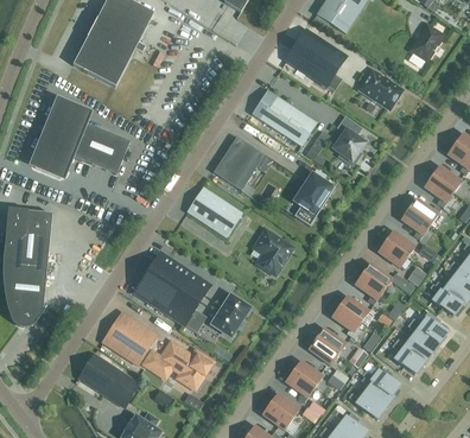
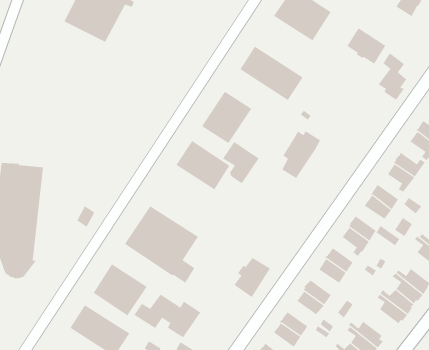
building: [32,99,129,176] -> none
building: [334,115,363,164] -> [378,53,407,100]
building: [254,229,292,273] -> [222,141,260,184]
building: [211,294,249,336] -> [234,257,271,298]

